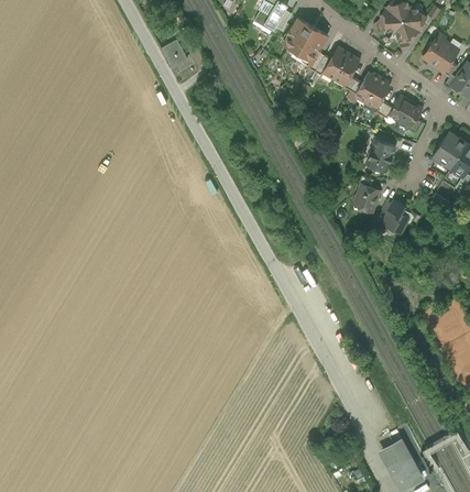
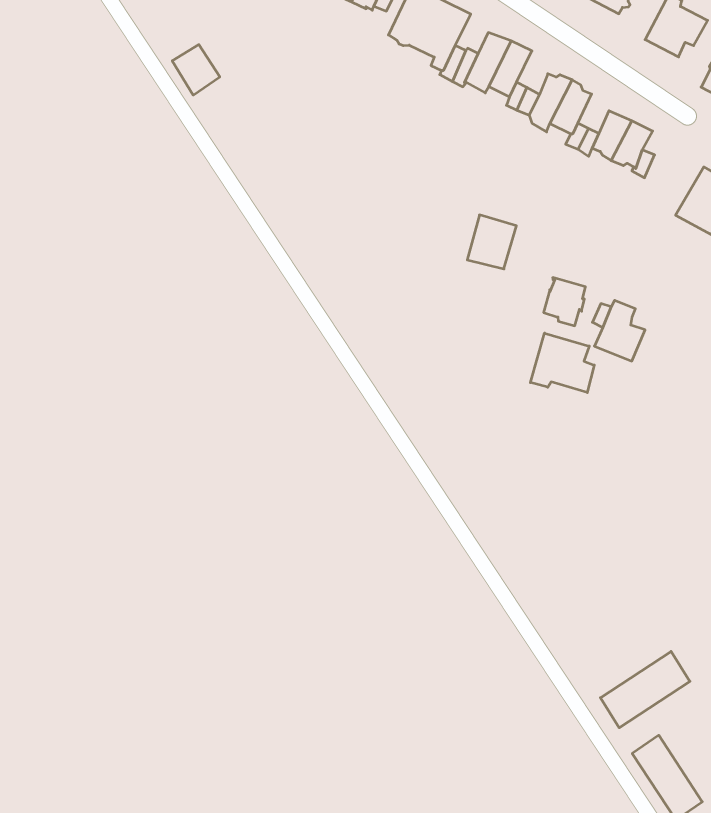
building: [367,140,395,171] -> [467,215,516,269]
building: none -> [530,333,594,393]
building: none -> [600,651,690,728]

